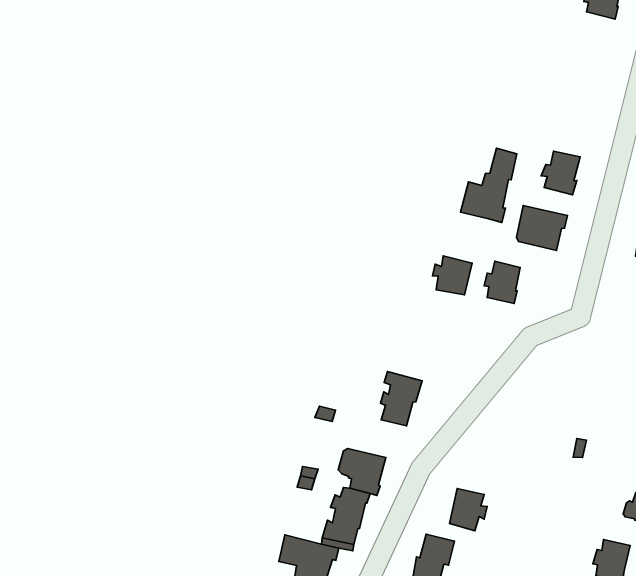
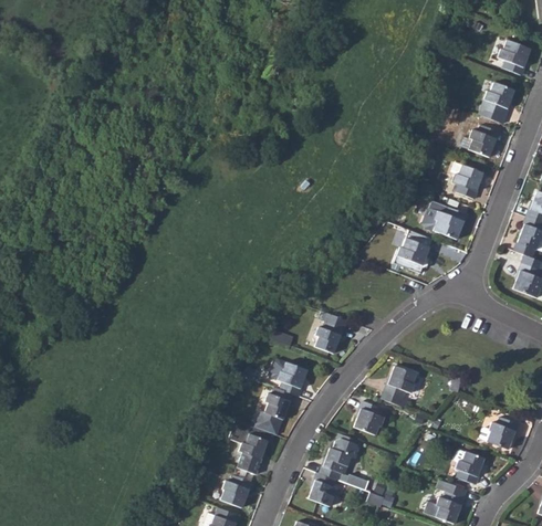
building: none -> [480,84,514,125]
building: none -> [470,126,500,158]
building: [460,148,517,223] -> none
building: [432,256,472,295] -> none
building: none -> [383,366,415,407]

